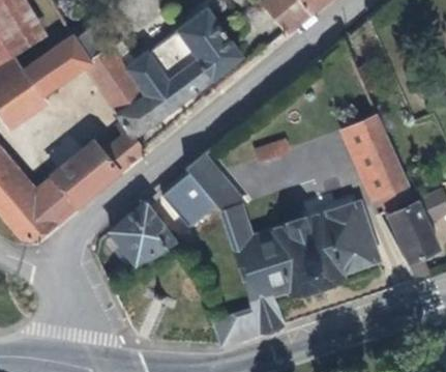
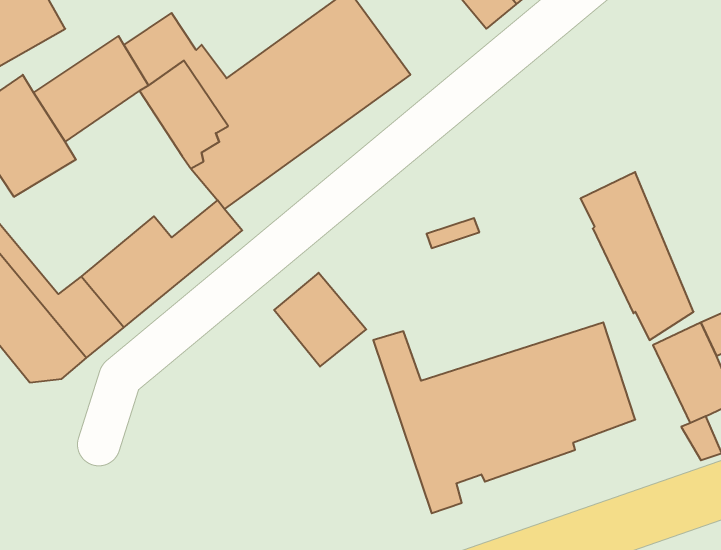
building: [186,153,247,213] -> none
building: [111,203,165,266] -> none

